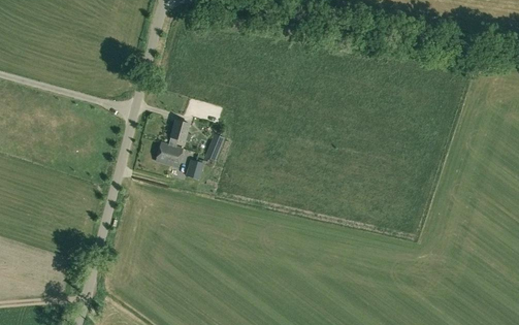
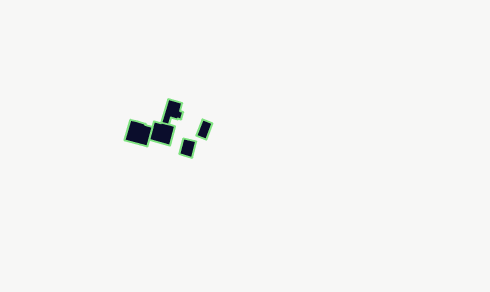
building: none -> [125,120,152,147]

